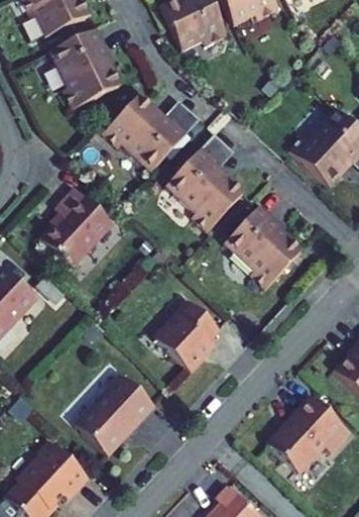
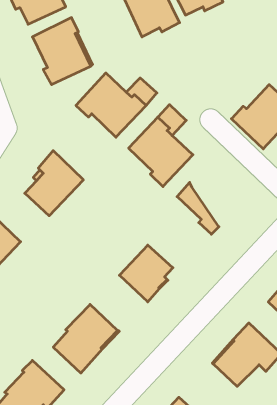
building: [240,204,303,279] -> none

